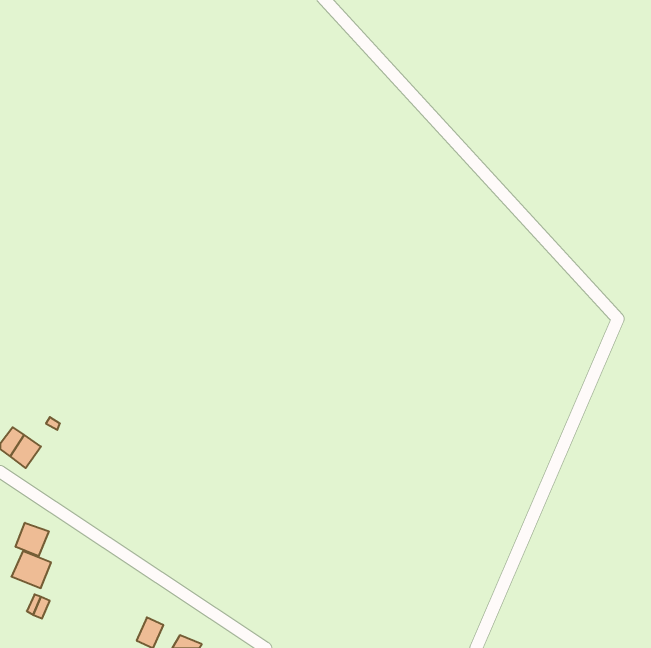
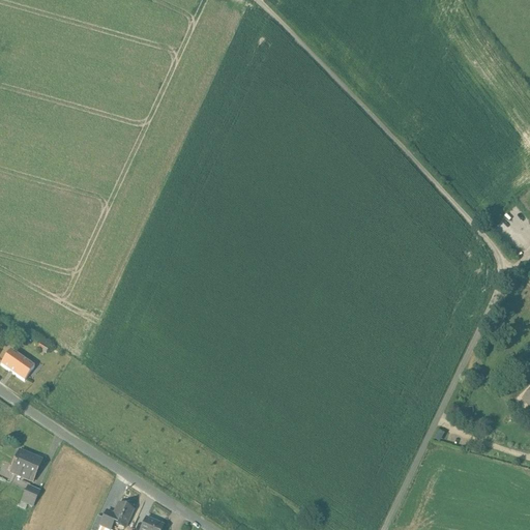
building: [16,523,49,556] -> none

